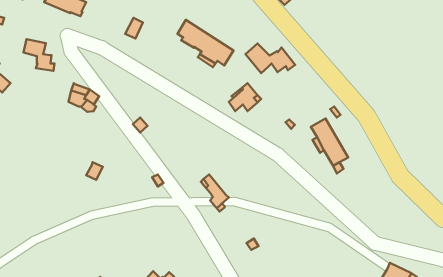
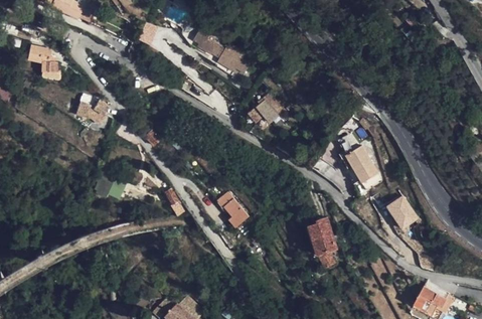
building: [246,44,295,73] -> none
building: none -> [389,193,418,225]
building: none -> [308,217,337,269]

